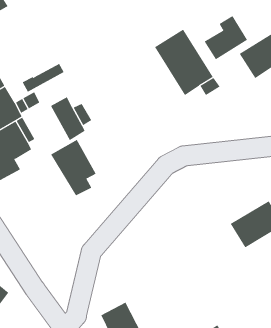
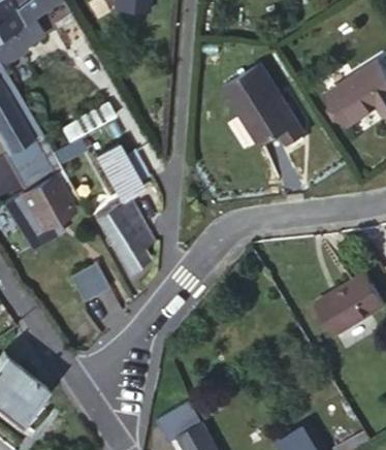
building: [204,15,248,60] -> none
building: none -> [72,267,111,307]

